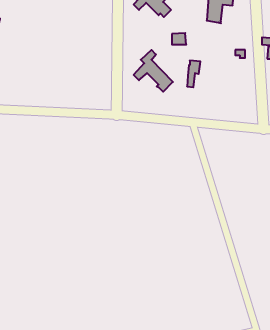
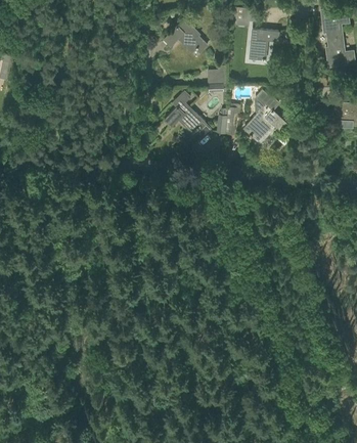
building: none -> [244,90,285,139]

